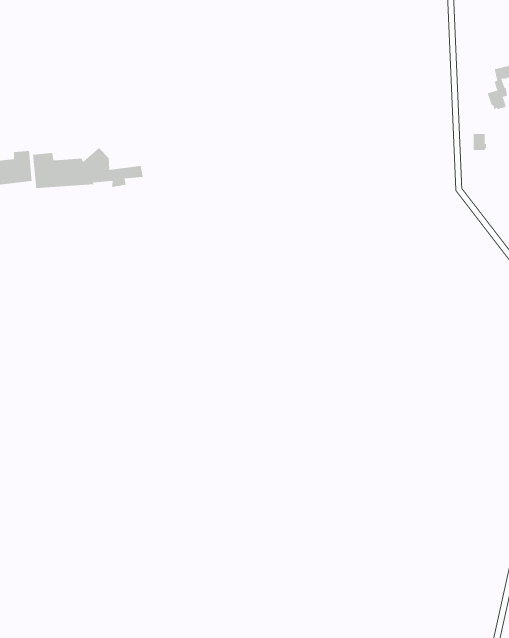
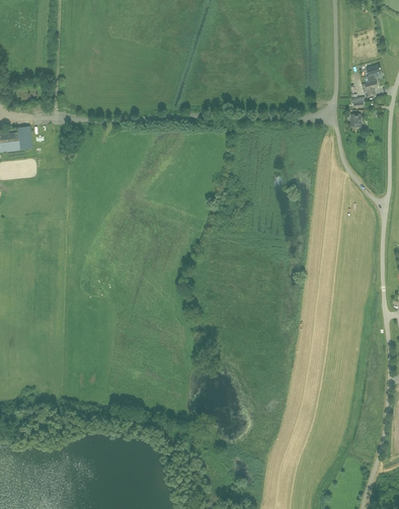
building: [33,147,143,189] -> none

